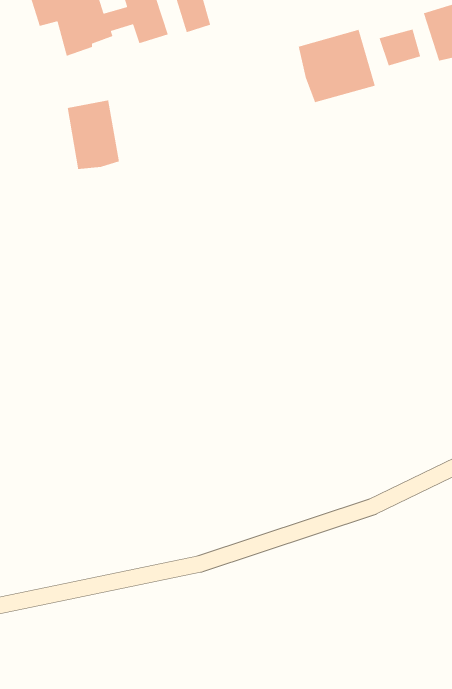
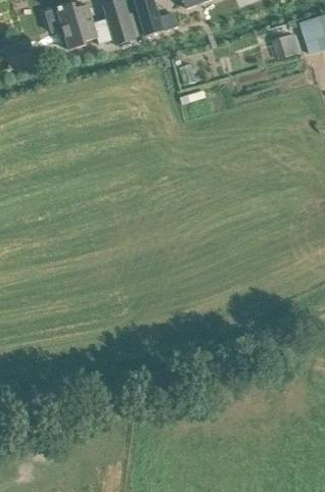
building: [298,29,376,103] -> none
building: [67,99,120,170] -> none

